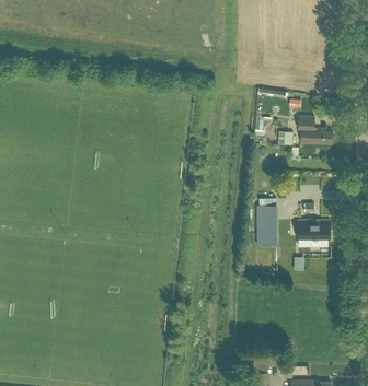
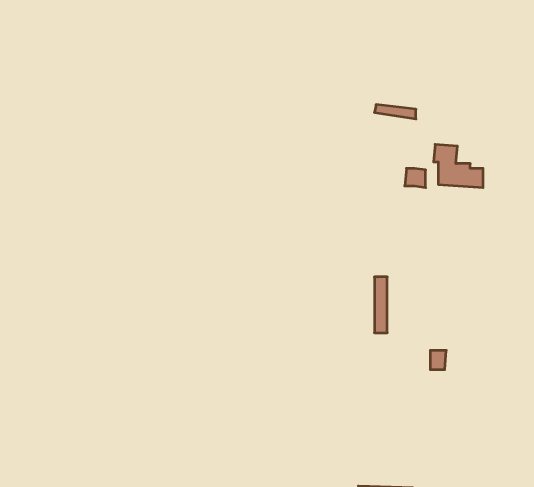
building: [298,220,330,237] -> none

